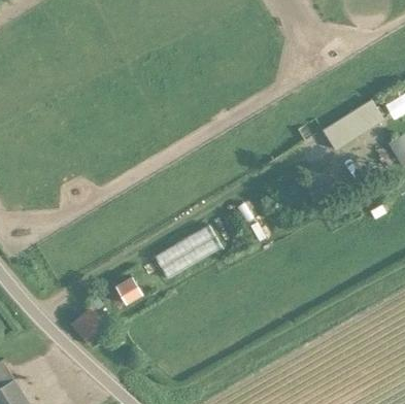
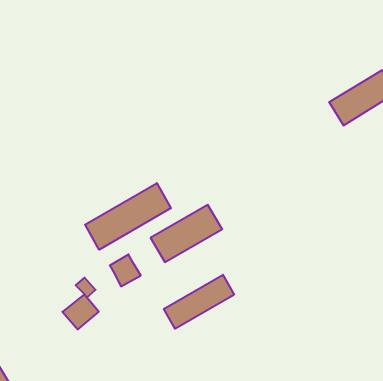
building: none -> [85,183,171,250]
building: none -> [164,275,234,329]

